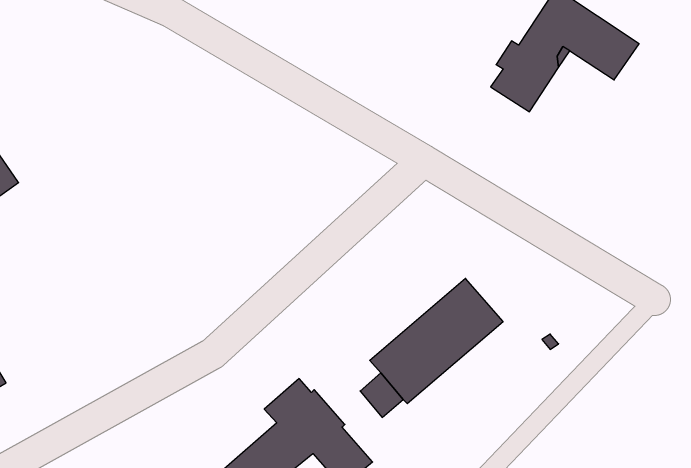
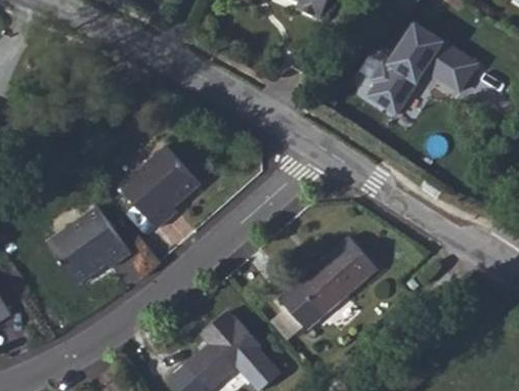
building: none -> [119,144,199,227]
building: none -> [46,206,129,284]

